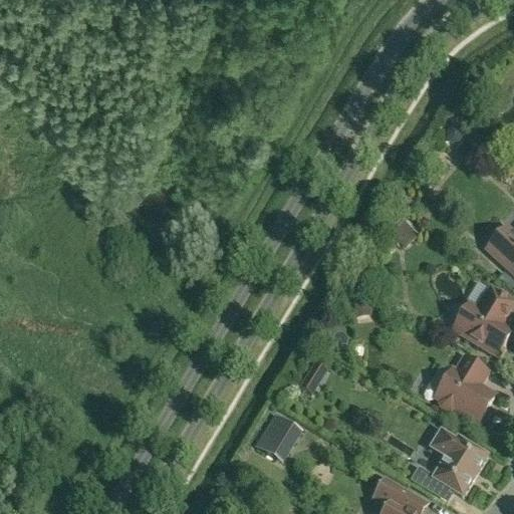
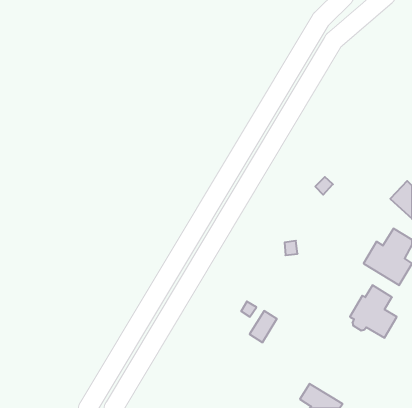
building: [258,415,292,454] -> [250,311,277,342]
building: [411,429,488,494] -> none

